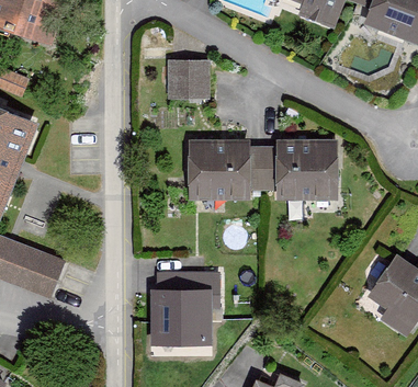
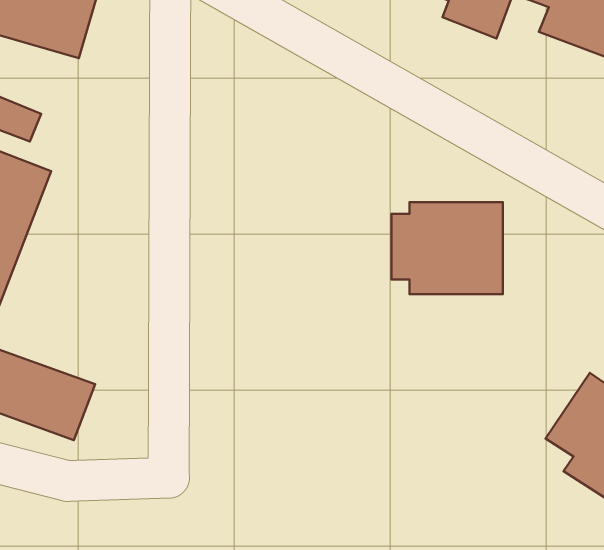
building: [168,59,210,98] -> none
building: [188,138,263,200] -> none
building: [151,287,212,344] -> none

